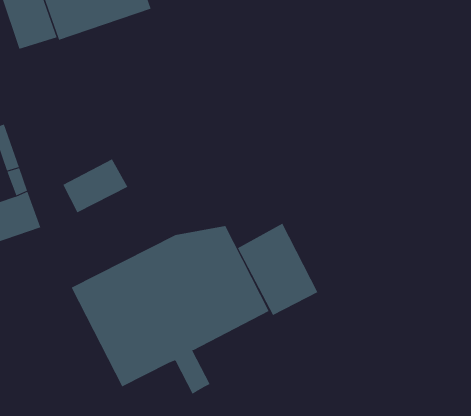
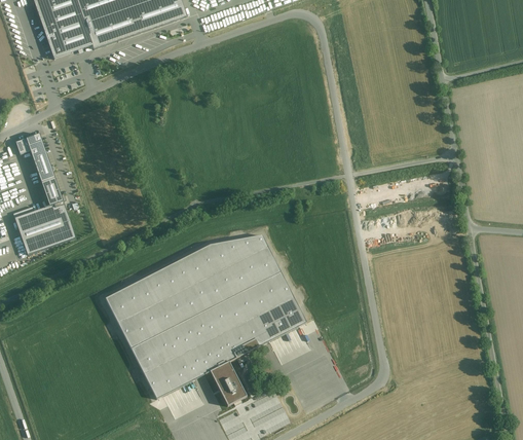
building: [62,159,128,213] -> none
building: [237,223,318,316] -> none

